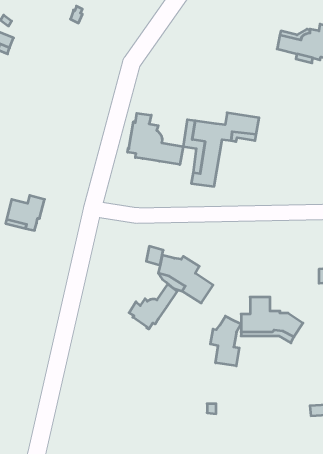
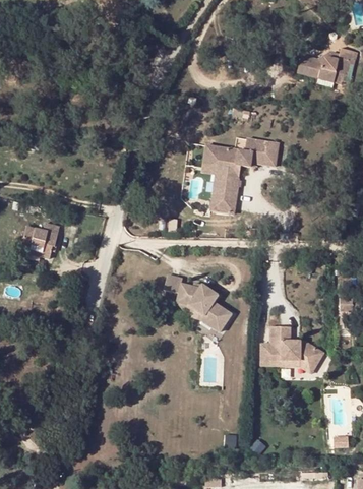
building: [128,113,183,165] -> none
building: [129,284,177,329] -> none
building: [210,316,241,366] -> none

